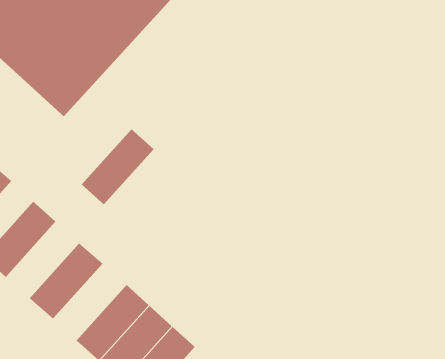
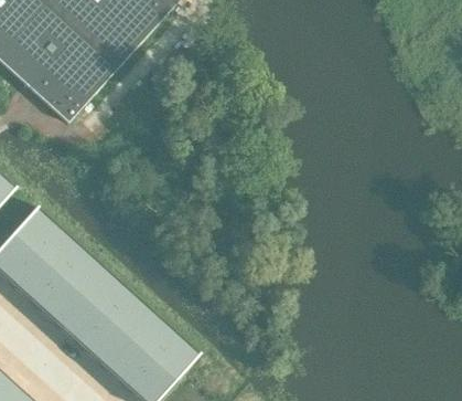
building: [81,128,154,205] -> [9,228,83,305]
building: none -> [56,270,130,347]

